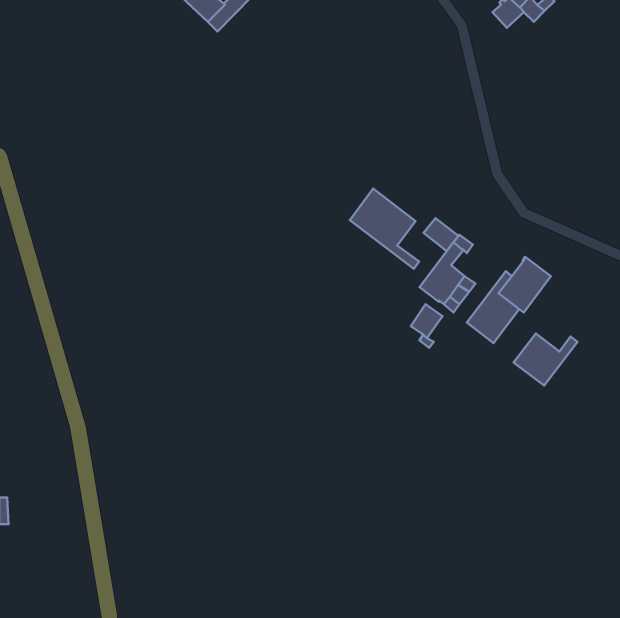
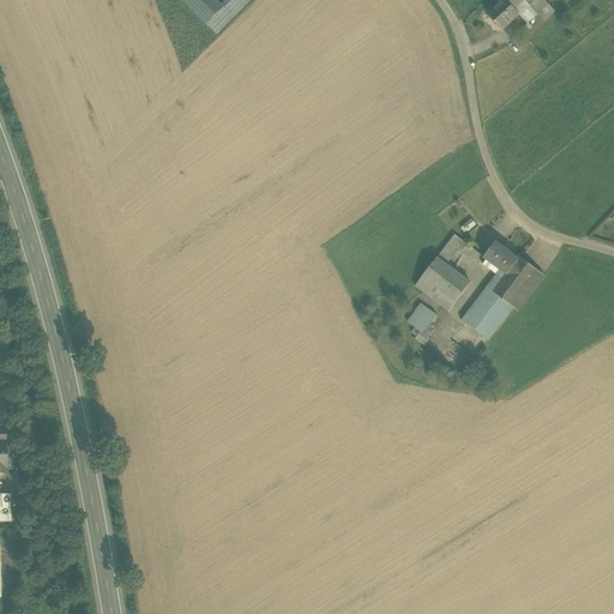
building: [350,189,419,269] -> none
building: [423,218,459,251] -> [482,240,517,272]
building: [513,334,578,386] -> none

